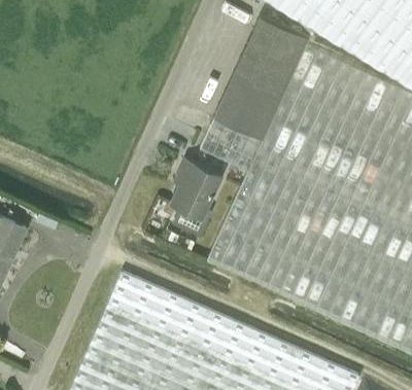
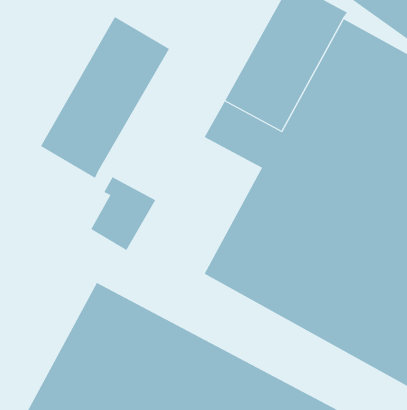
building: none -> [40,16,170,179]
building: [171,158,222,218] -> [91,176,156,251]

